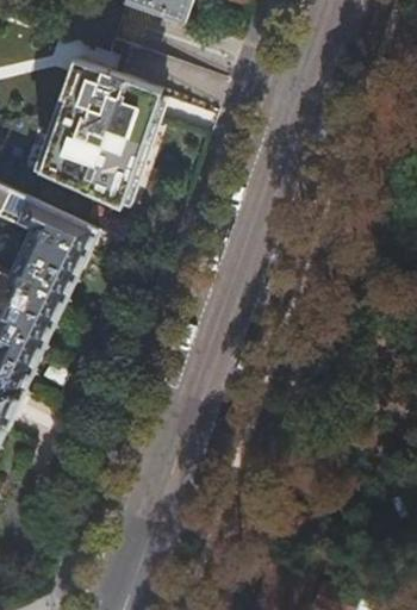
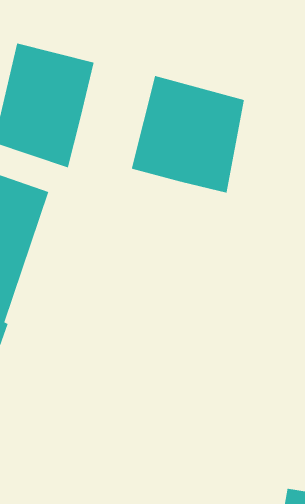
building: none -> [131,75,245,193]

